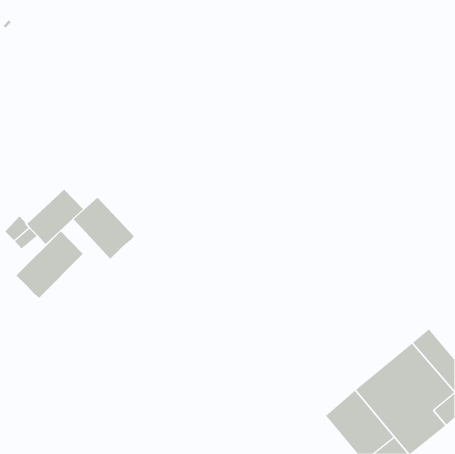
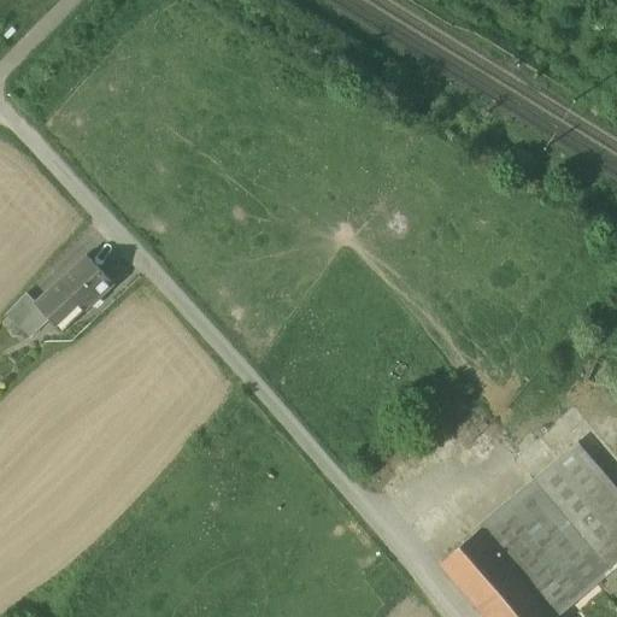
building: [73,197,135,259] -> none
building: [16,230,84,299] -> none

